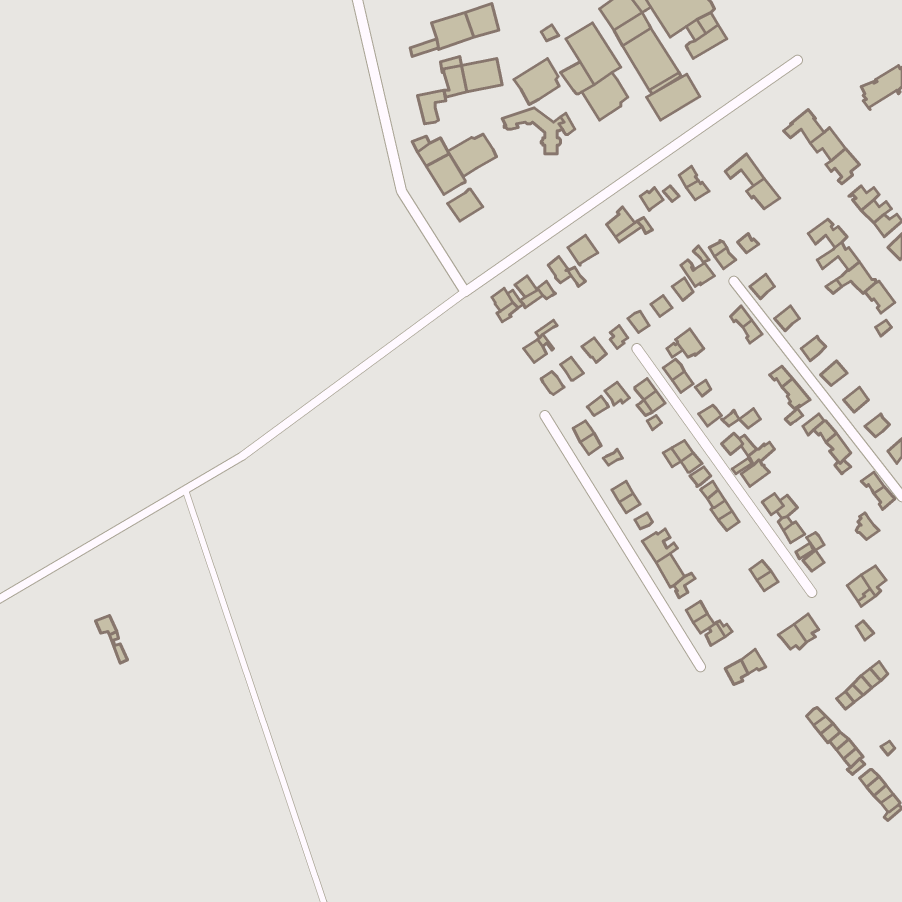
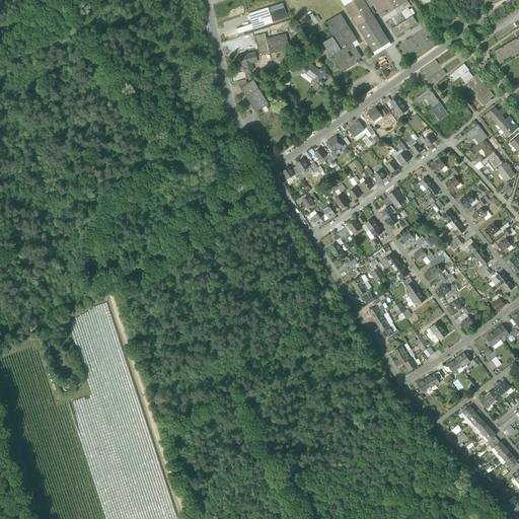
building: [514,58,559,105] -> none
building: [646,74,700,120] -> none
building: [448,134,497,177] -> none

